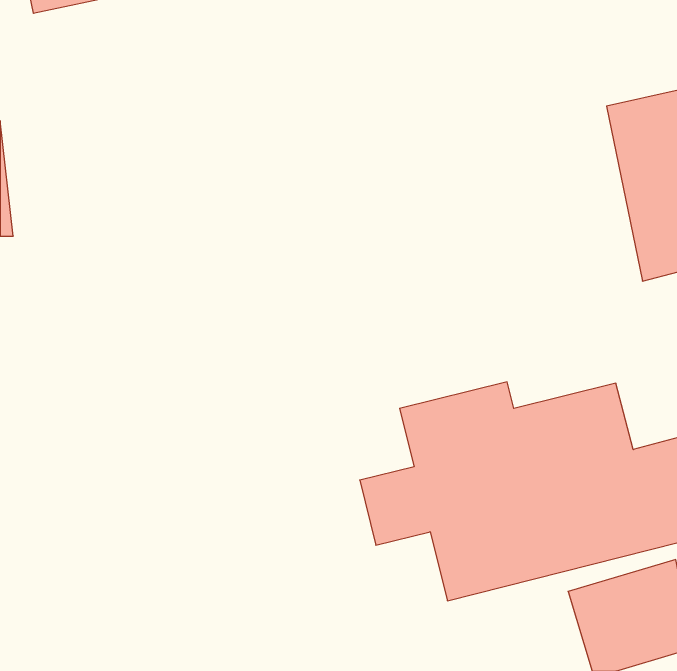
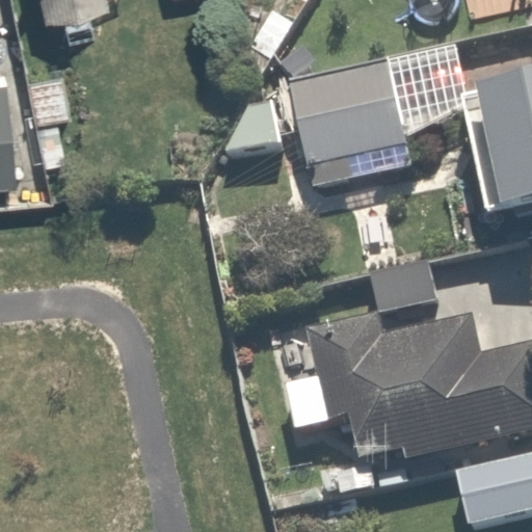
building: none -> [287,46,476,183]

